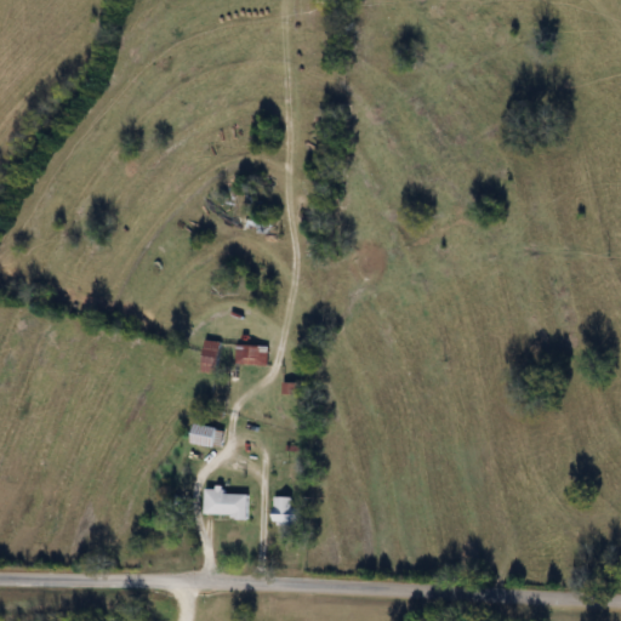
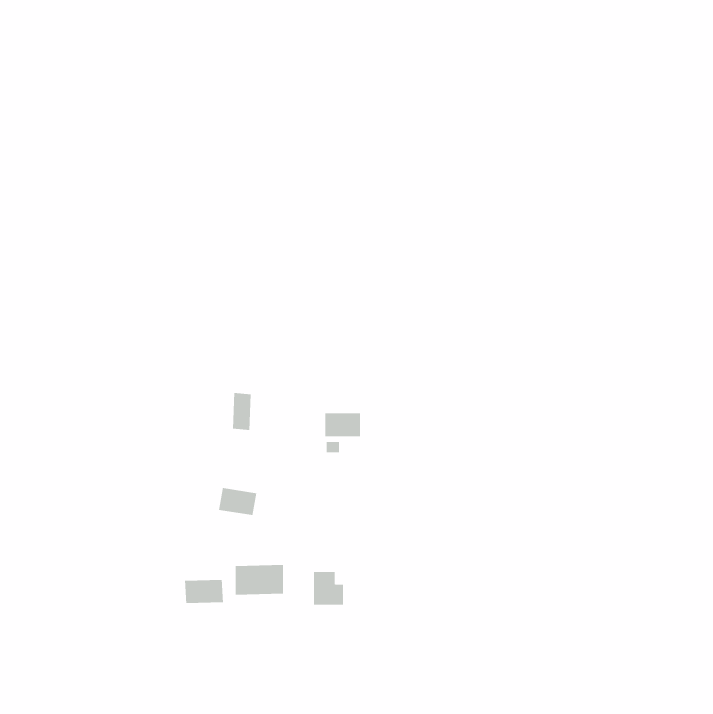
building: [234,344,266,365] -> [324,413,361,437]
building: none -> [184,579,224,604]

